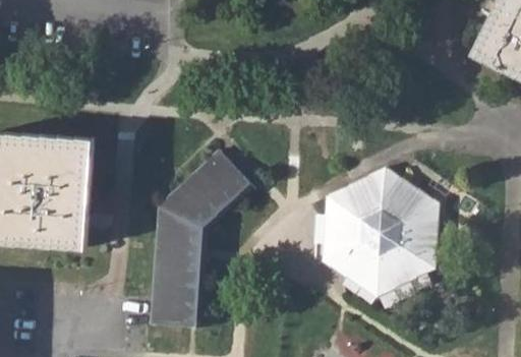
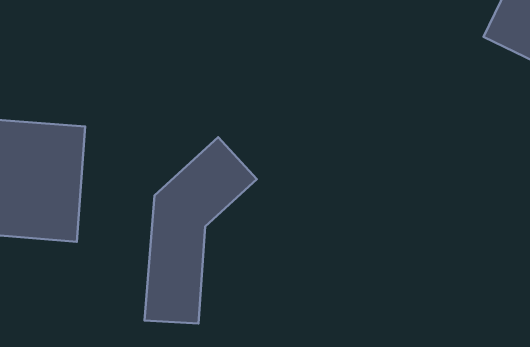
building: [323,168,436,297] -> none

